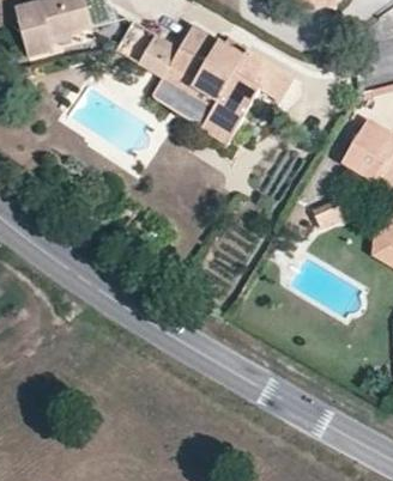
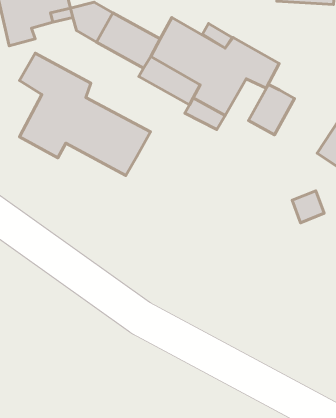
building: none -> [19,53,150,175]
building: none -> [248,84,295,135]

